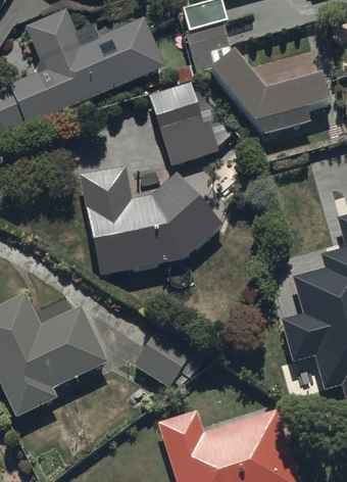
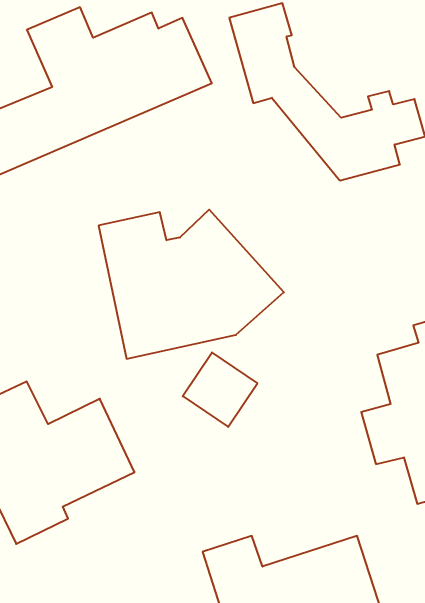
building: [148,81,246,163] -> none
building: [135,330,192,387] -> [183,352,257,427]

